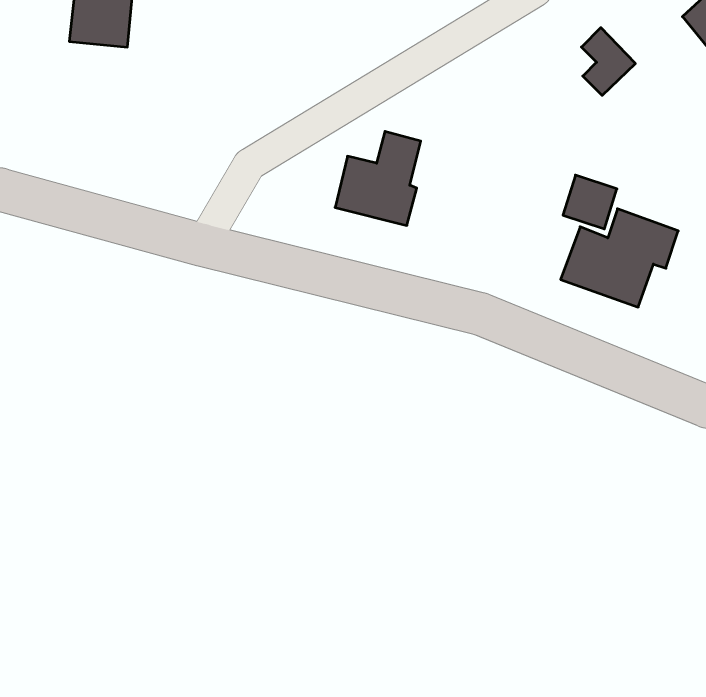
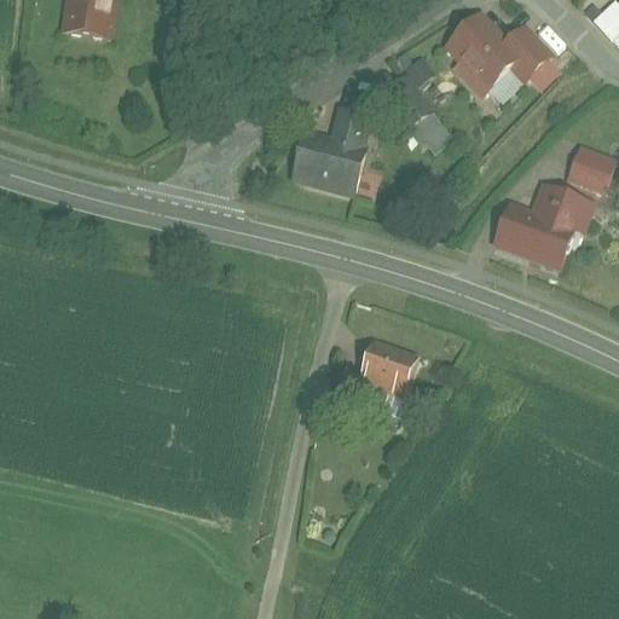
building: none -> [440,11,522,92]
building: [563,175,617,229] -> [566,145,613,192]
building: none -> [358,340,420,401]

